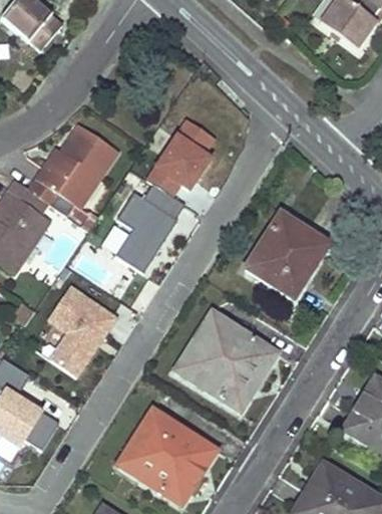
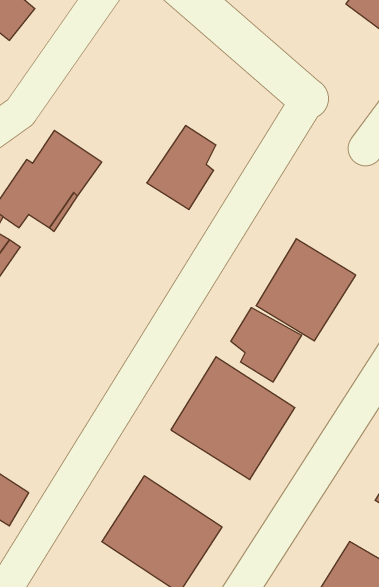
building: [116,184,183,271] -> none
building: none -> [231,308,302,382]
building: [48,288,115,376] -> none

